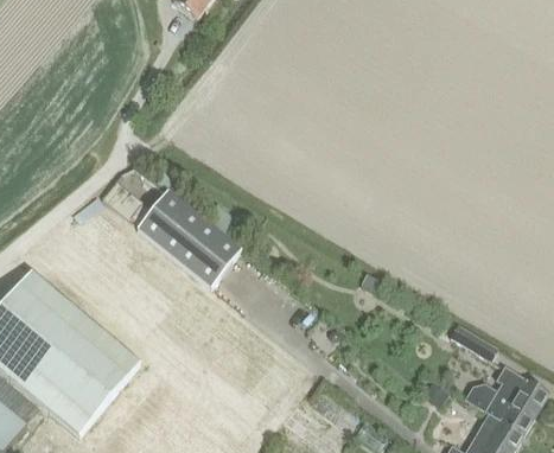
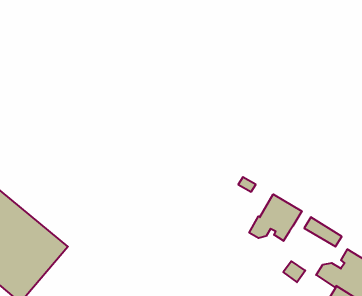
building: [136,190,241,287] -> none
building: none -> [249,194,302,241]

